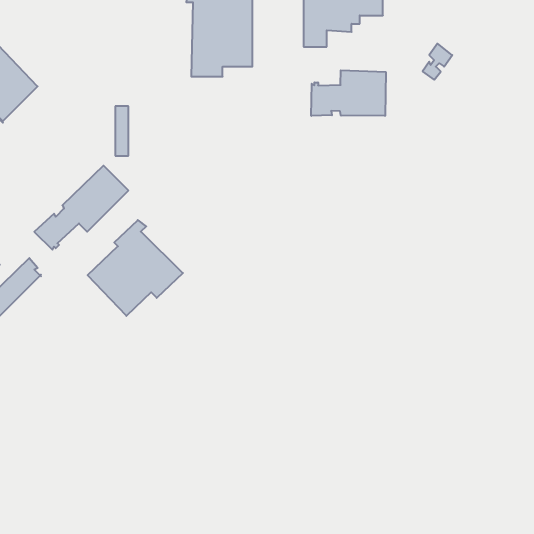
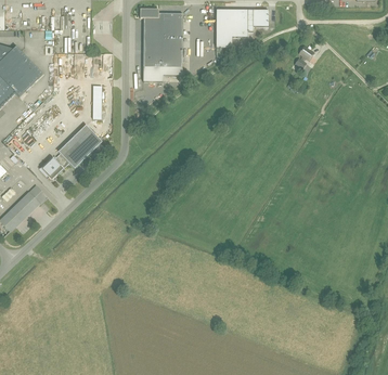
building: [311,70,386,116] -> none
building: [88,220,183,316] -> none

